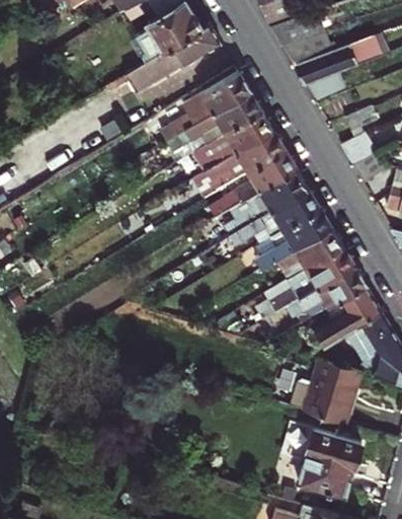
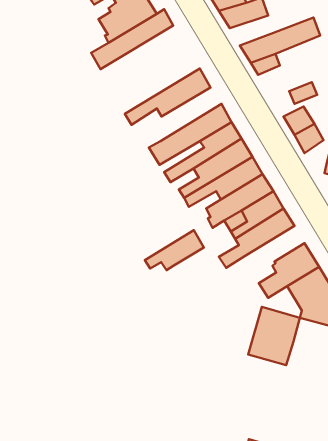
building: [283,31,331,65] -> none
building: [152,70,249,146] -> none
building: [193,112,273,171] -> none
building: [300,266,366,310] -> [145,230,204,270]
building: [298,425,361,495] -> none

